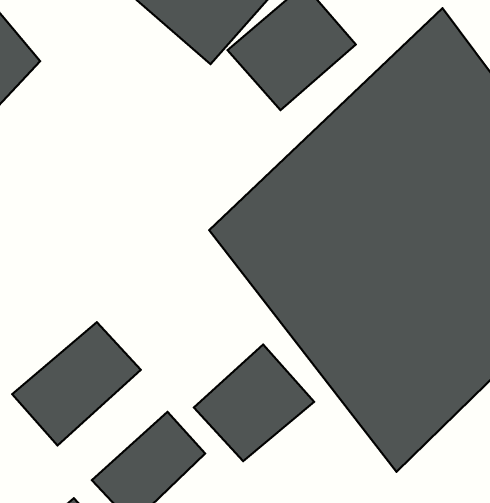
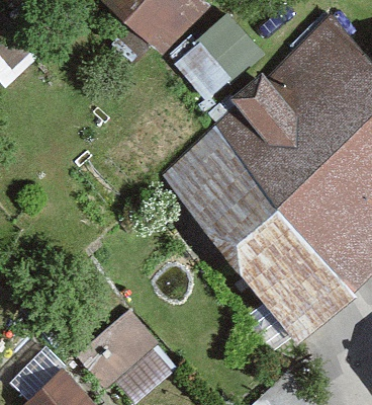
building: [12,322,141,445] -> none
building: [194,345,314,461] -> none

